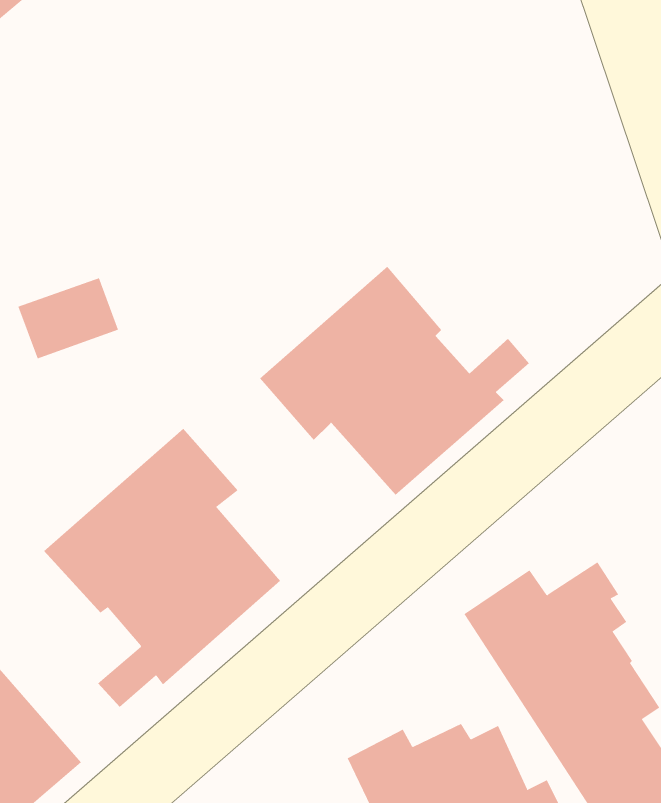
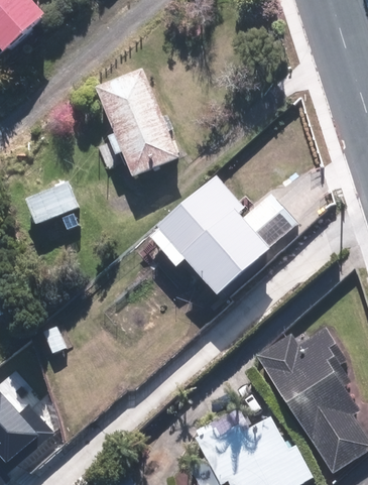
building: none -> [94,67,179,178]
building: [43,428,281,708] -> none

